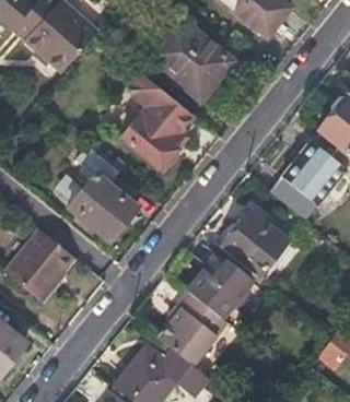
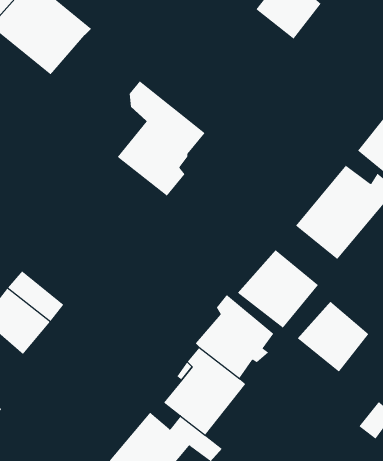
building: [143,13,234,100] -> none
building: [68,145,137,239] -> none
building: none -> [297,301,369,373]

